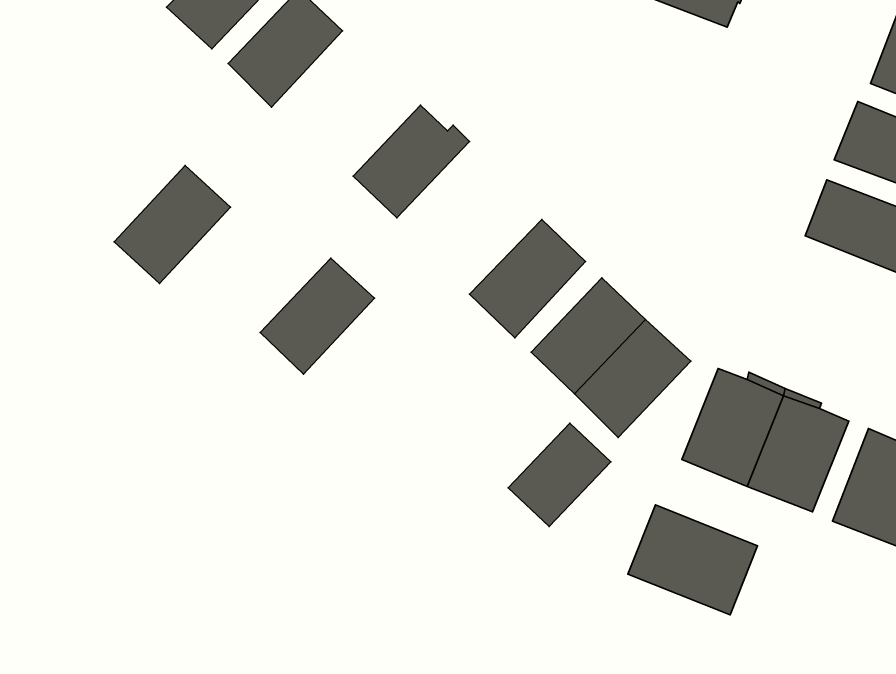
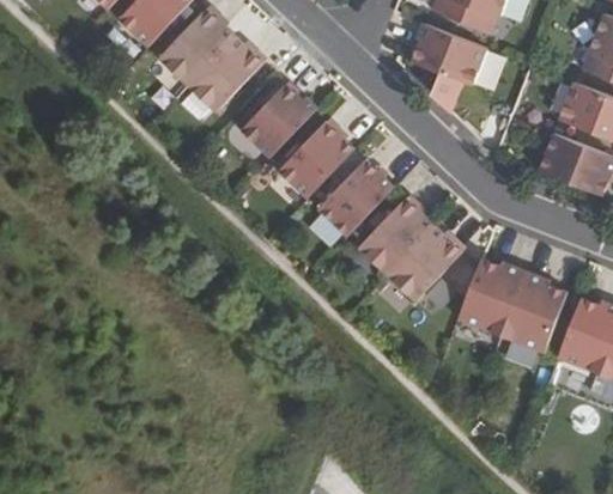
building: none -> [412,23,486,85]
building: [114,165,230,283] -> [187,35,263,112]
building: [260,258,374,374] -> [278,122,353,199]
building: [508,423,611,527] -> none
building: [628,505,757,615] -> none

